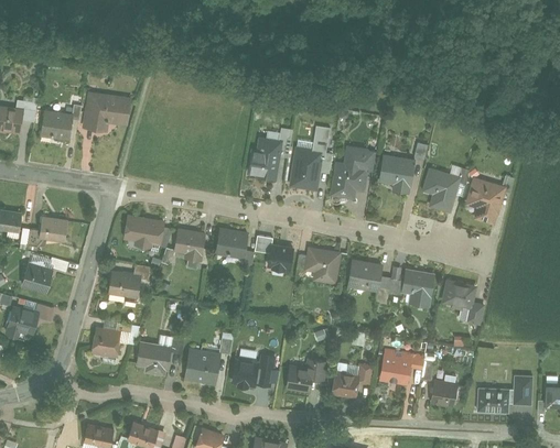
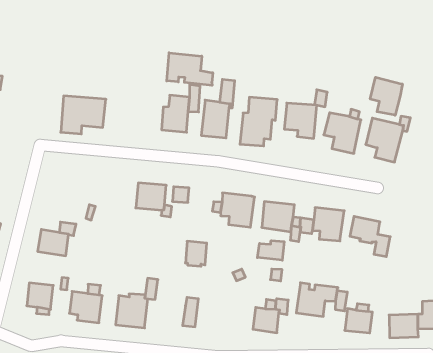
building: [82,90,132,132] -> [61,96,106,134]
building: none -> [167,53,213,85]
building: none -> [370,77,402,115]
building: [121,217,163,251] -> none
building: [173,230,205,264] -> none
building: [268,245,292,273] -> [185,241,207,266]
building: none -> [257,241,284,260]
building: [286,357,326,393] -> none
building: [231,359,260,389] -> none

